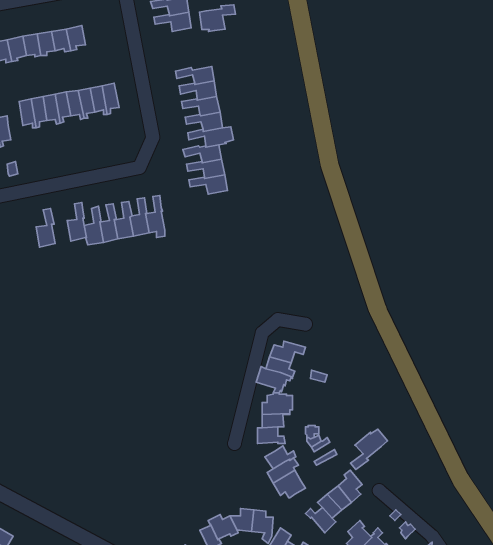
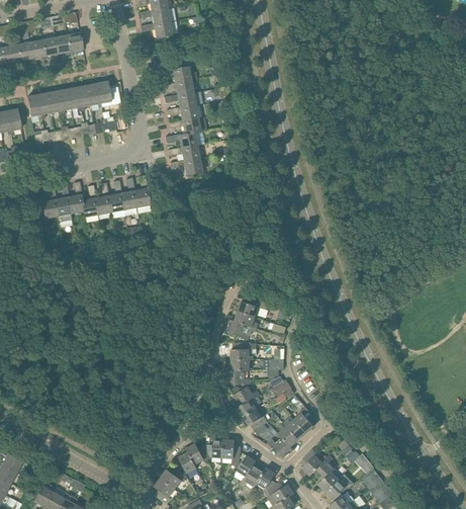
building: [199,5,235,32] -> none
building: none -> [55,183,72,222]
building: [351,429,387,469] -> none

